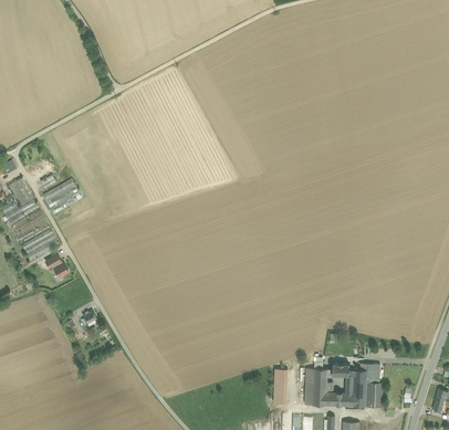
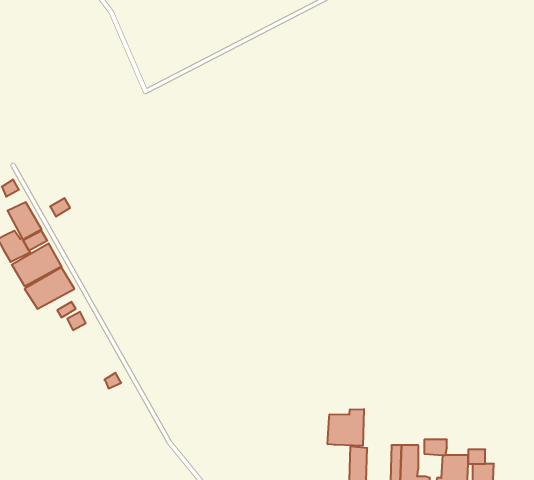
building: [43,178,83,213] -> none
building: none -> [328,409,364,446]

